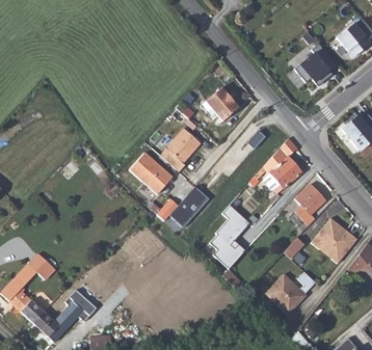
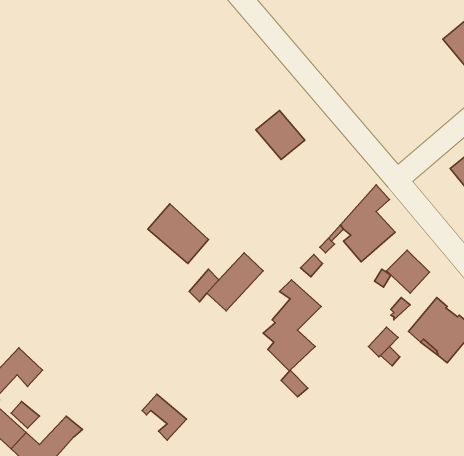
building: [294,43,337,83] -> none
building: [160,128,201,170] -> none
building: [264,271,315,314] -> none
building: [65,289,97,321] -> [142,394,187,440]

